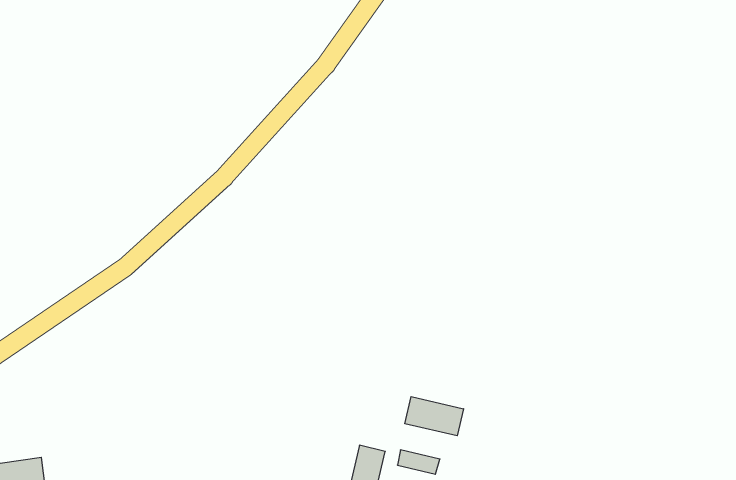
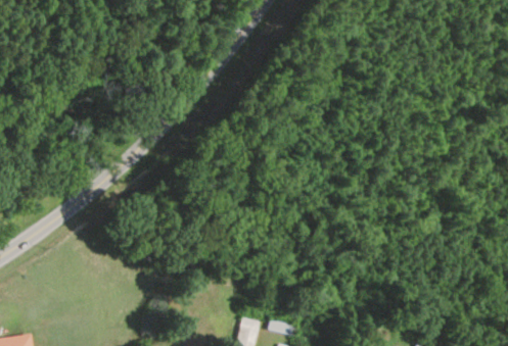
building: [405,397,464,436] -> none

